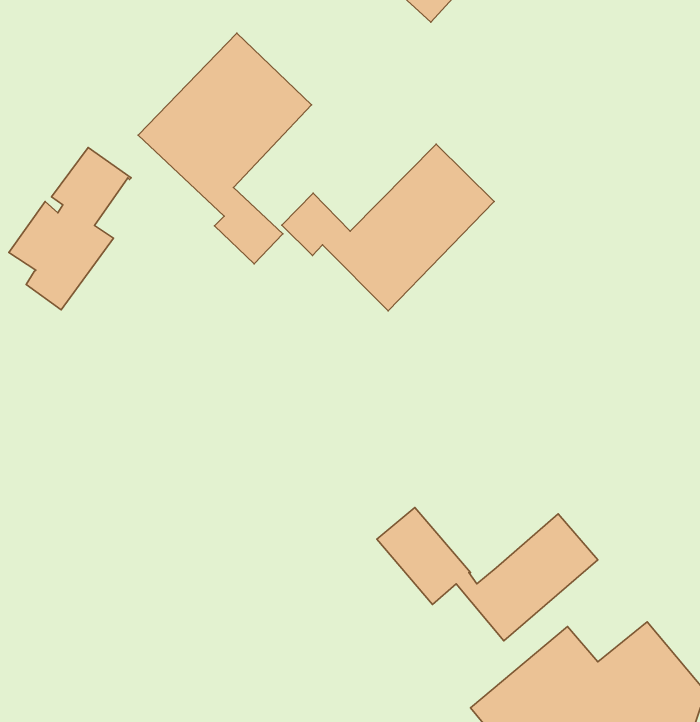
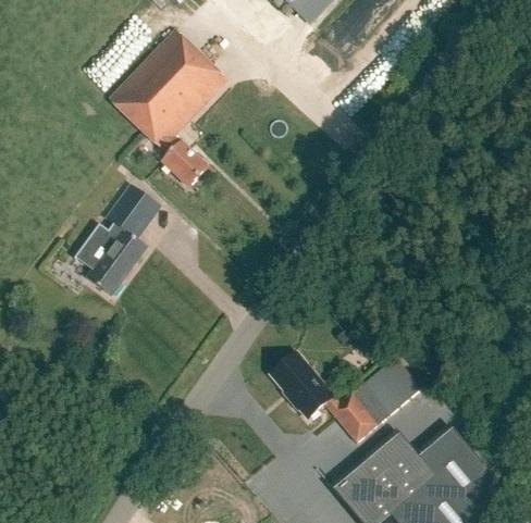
building: [282,144,494,311] -> none
building: [9,148,131,310] -> [75,184,159,295]

